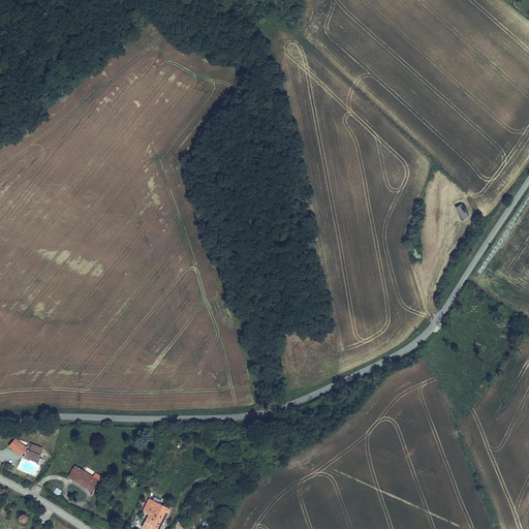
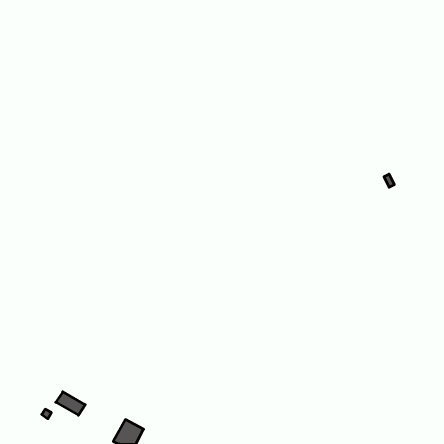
building: [8,438,42,463] -> none

